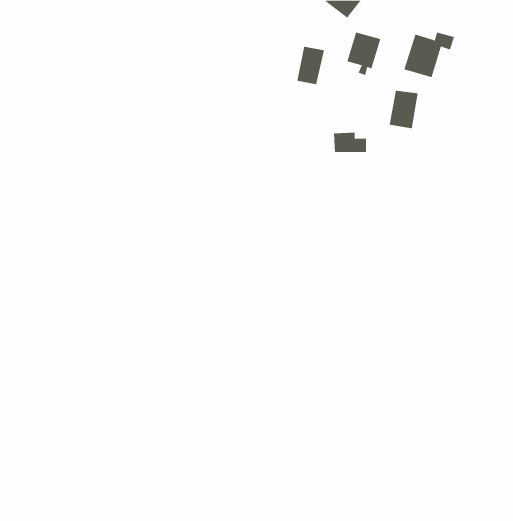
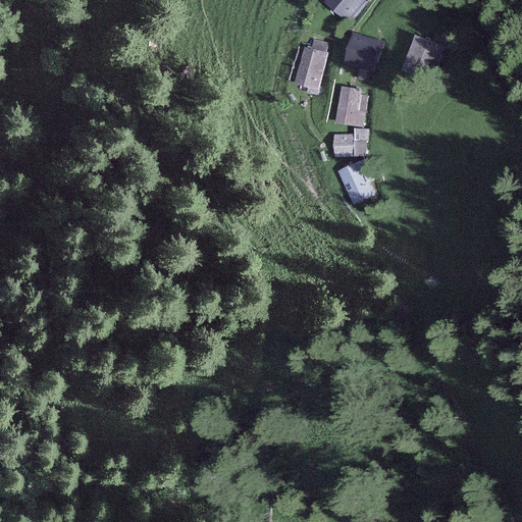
building: [389,90,419,129] -> [334,87,364,125]
building: none -> [341,159,373,202]

